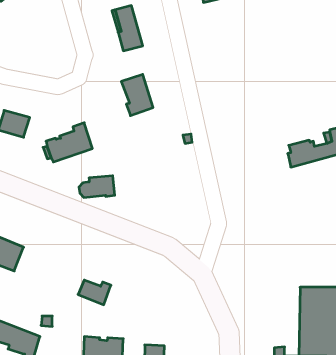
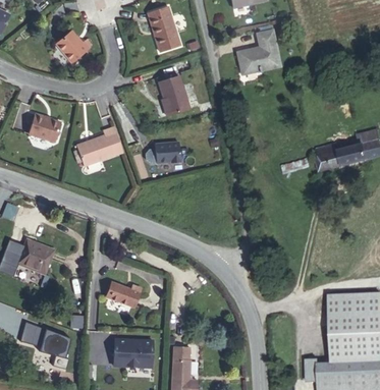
building: none -> [239,30,281,73]
building: none -> [52,34,83,64]
building: [79,176,115,197] -> [146,142,181,163]

